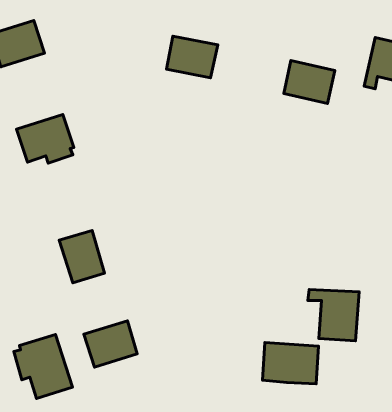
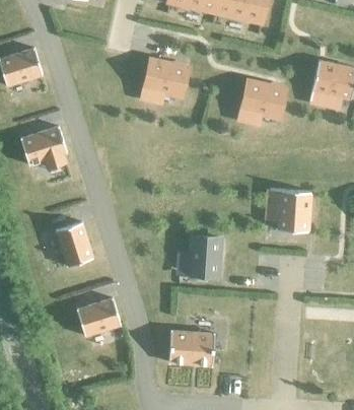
building: none -> [190,236,220,276]
building: [308,290,359,341] -> [268,190,310,232]
building: [14,334,73,398] -> none
building: [263,342,319,384] -> [168,332,215,366]

